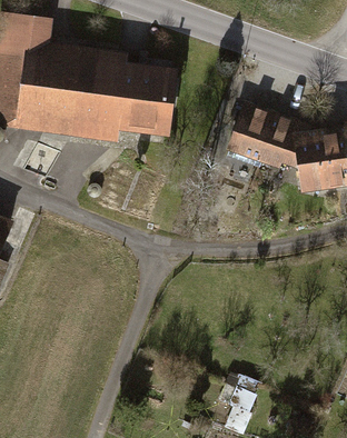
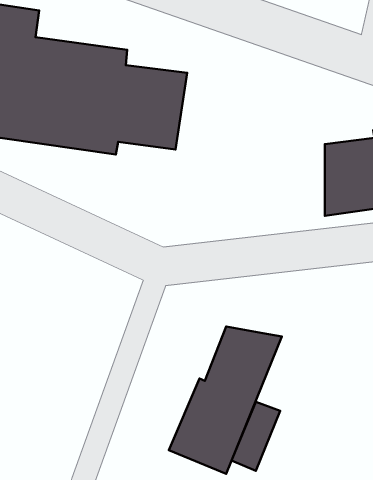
building: [227,100,300,176] -> none
building: none -> [169,327,282,474]

